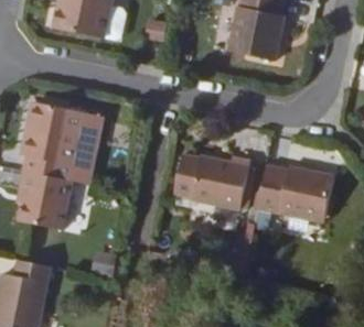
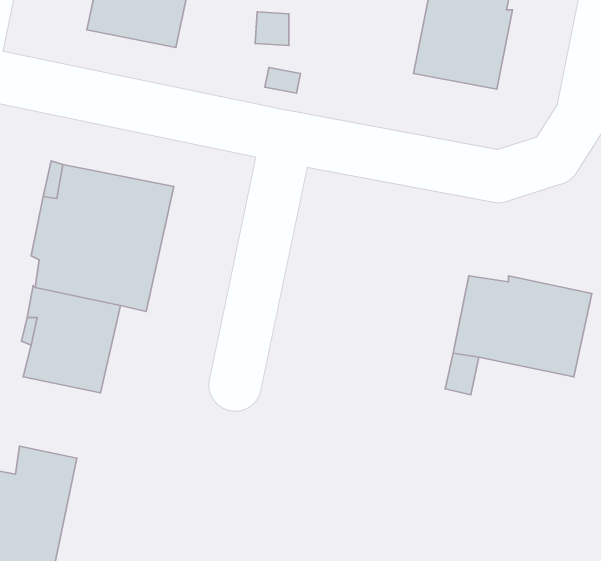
building: [172,155,248,207] -> none

